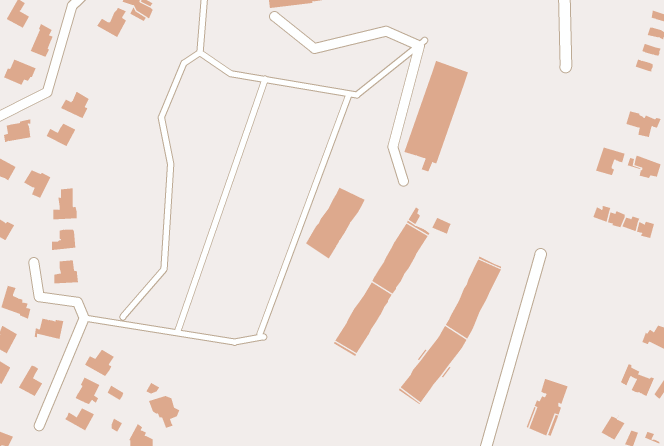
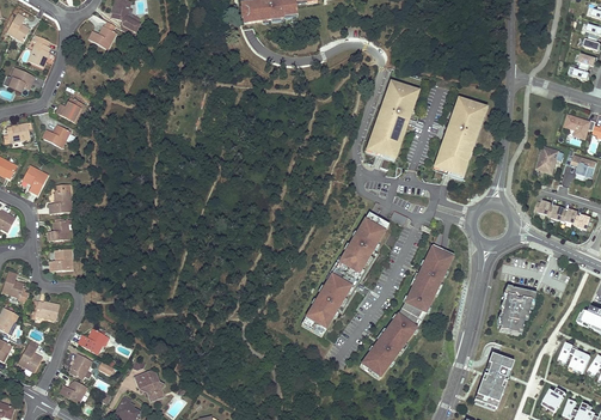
building: none -> [433,95,489,178]
building: [305,187,366,259] -> none
building: none -> [497,285,535,334]

